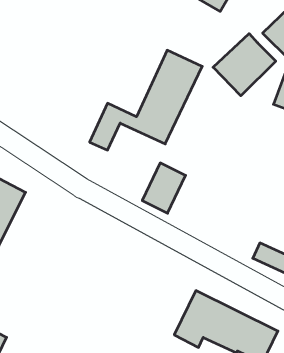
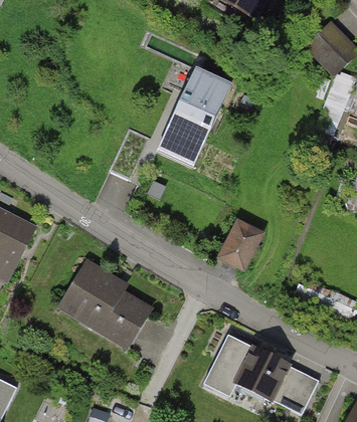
building: [213,34,276,96] -> none
building: [142,163,186,213] -> [217,217,265,273]
building: none -> [56,255,156,351]

